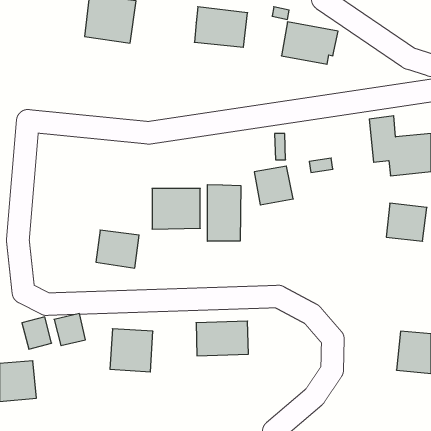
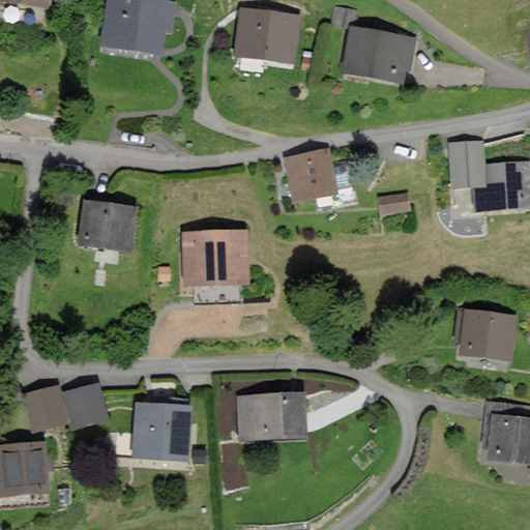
building: [254,166,293,205] -> [288,150,335,198]
building: [207,185,241,241] -> none
building: [386,203,427,241] -> [463,311,512,357]
building: [96,230,139,268] -> [81,201,134,247]

